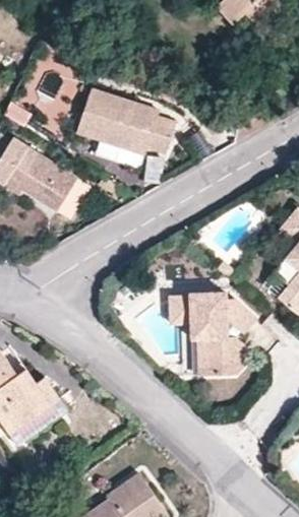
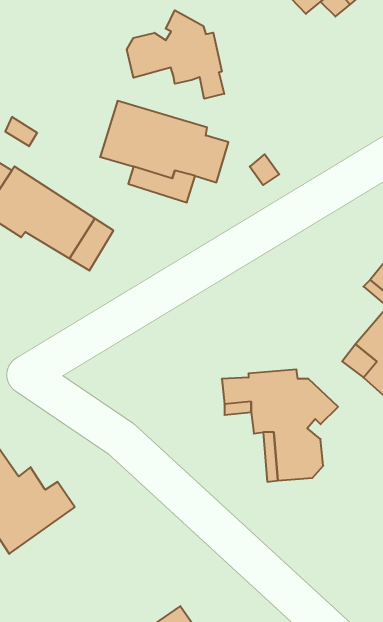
building: none -> [127,10,224,99]

